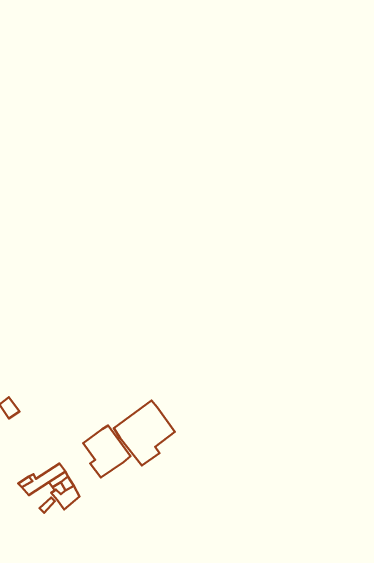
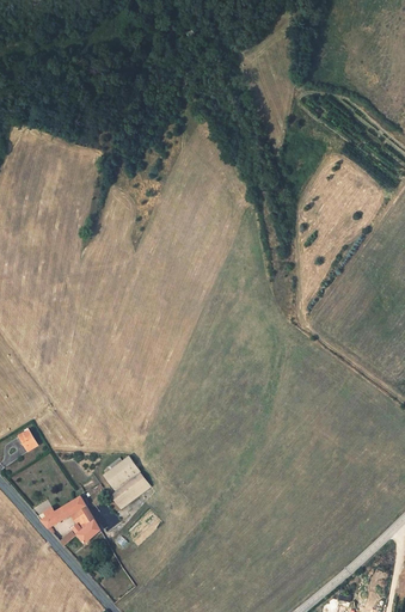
building: [114,401,175,466] -> none

